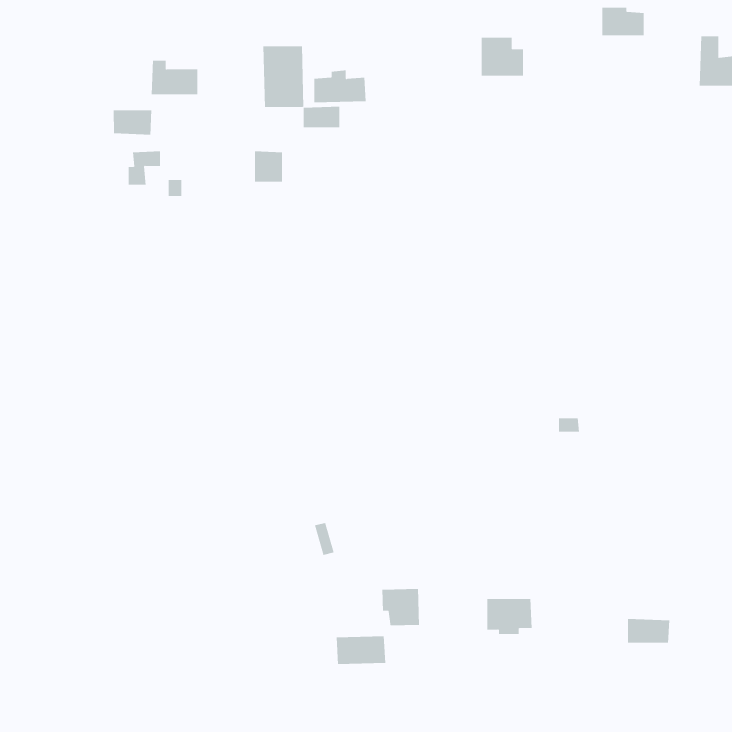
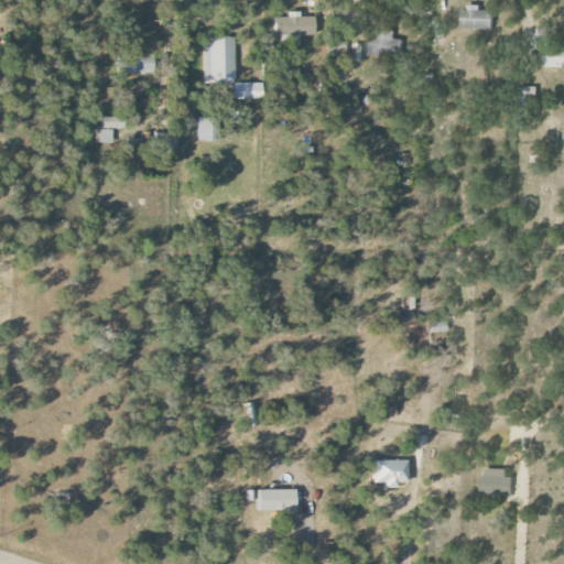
building: [314,70,367,103] -> [274,10,315,35]
building: [113,110,152,135] -> none
building: [382,588,420,626] -> none

